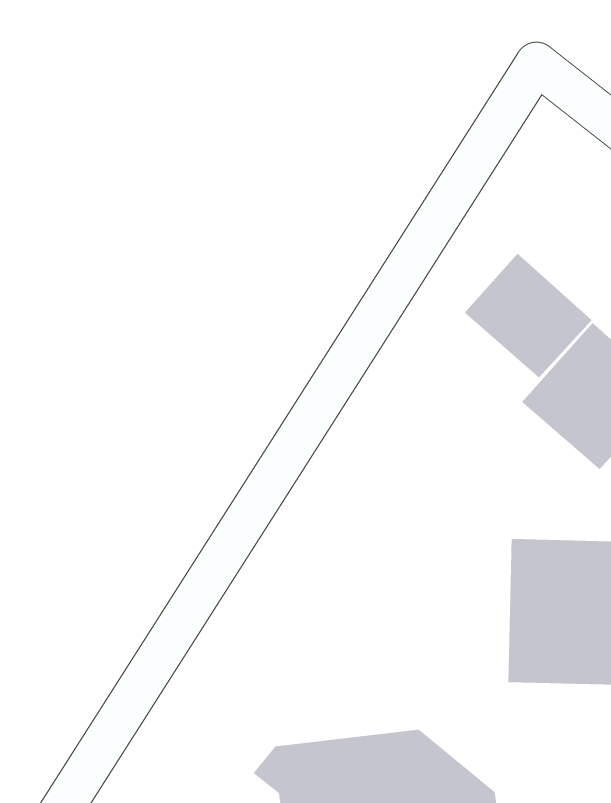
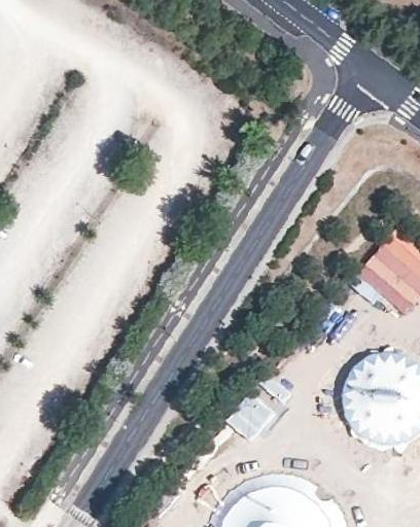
building: [464,253,593,379] -> none

